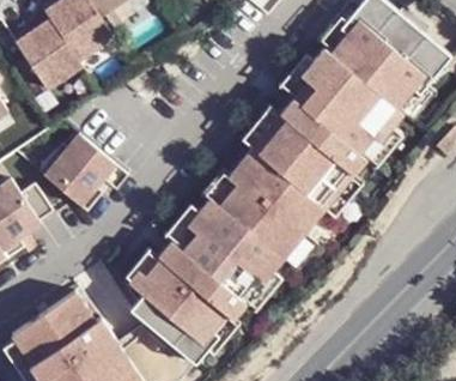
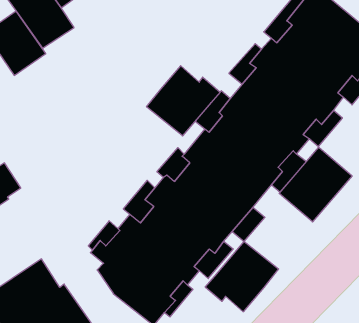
building: none -> [147,66,220,136]
building: [36,135,124,213] -> none
building: none -> [279,147,352,222]
building: none -> [205,241,279,312]

